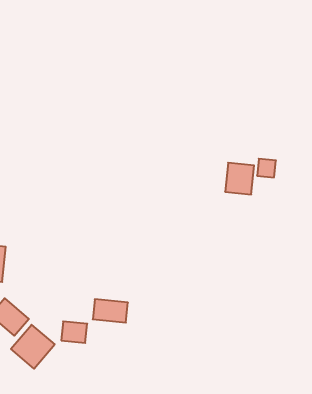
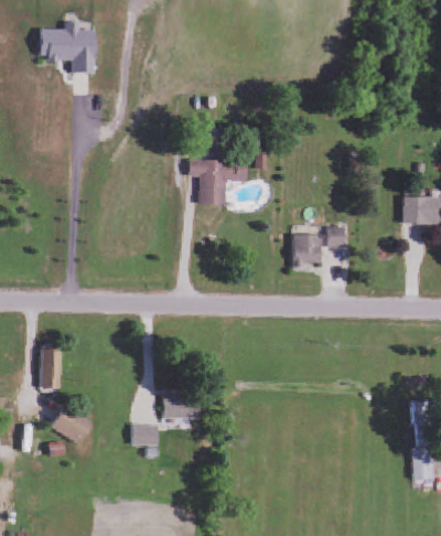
building: none -> [189,158,246,204]
building: [11,325,55,369] -> none

